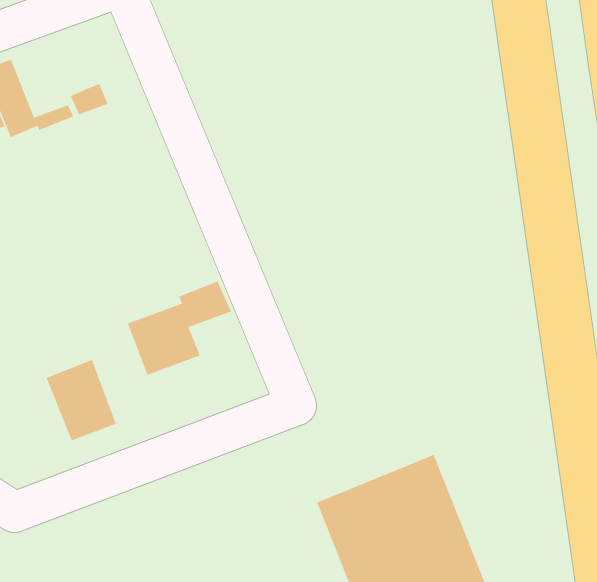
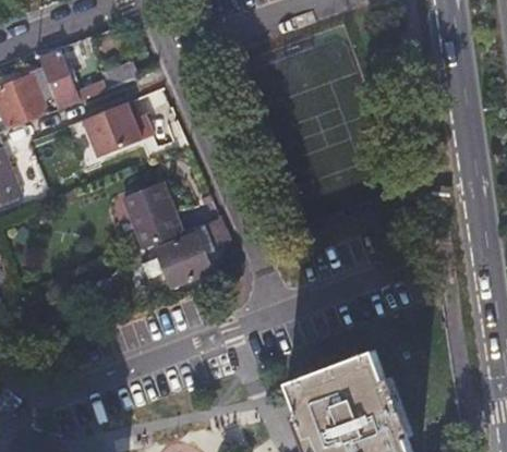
building: none -> [80,102,138,158]
building: [46,359,117,441] -> [119,183,173,246]

